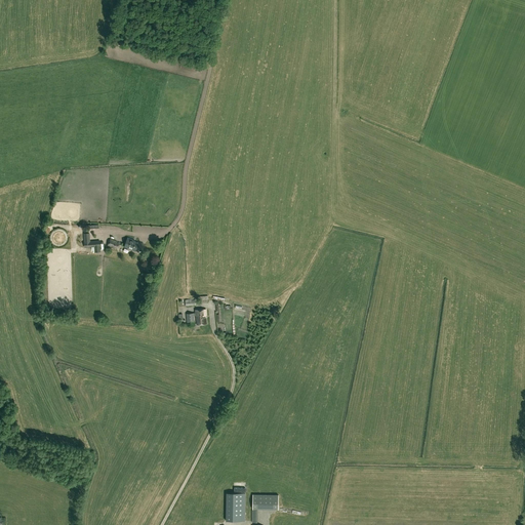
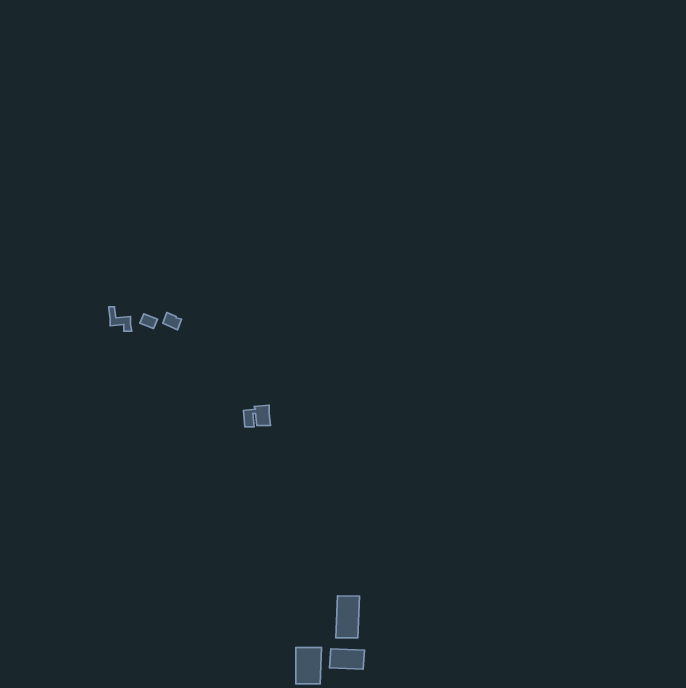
building: none -> [336,596,359,638]

